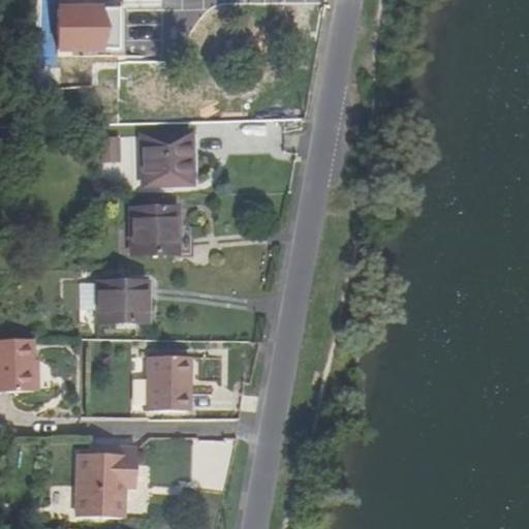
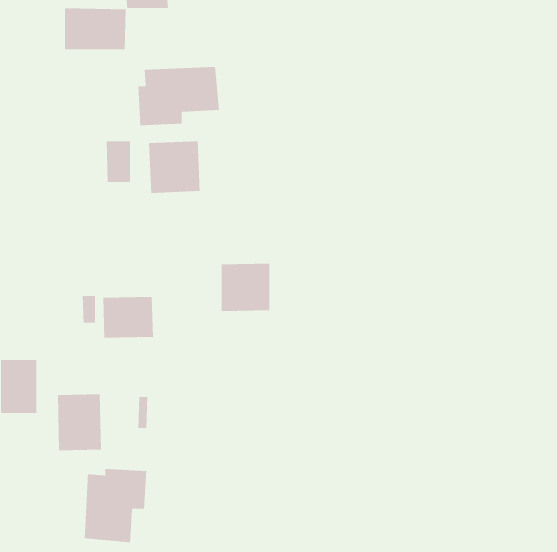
building: none -> [138,66,220,126]
building: [130,206,177,252] -> [221,263,270,312]
building: [149,357,191,412] -> [57,394,102,451]

